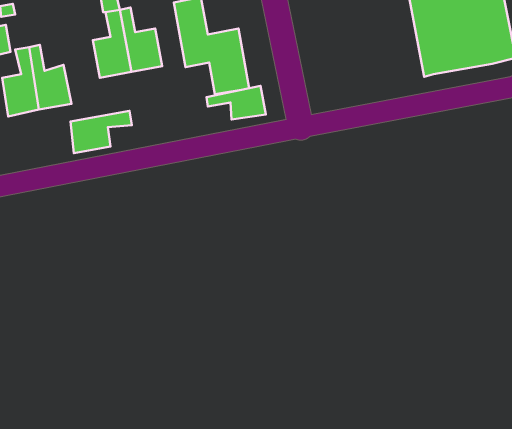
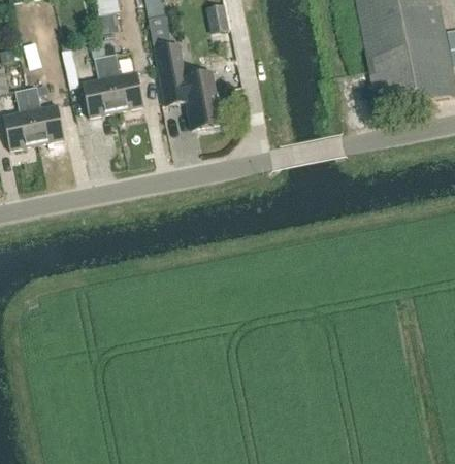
building: [207,86,266,120] -> none
building: [70,111,132,153] -> none

